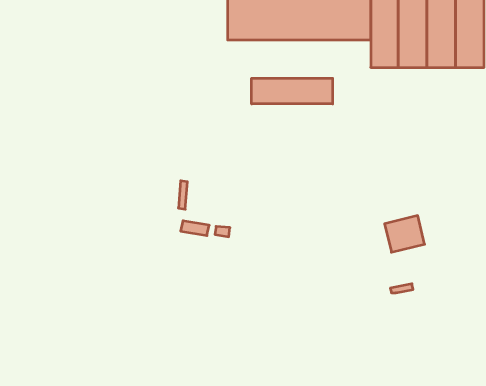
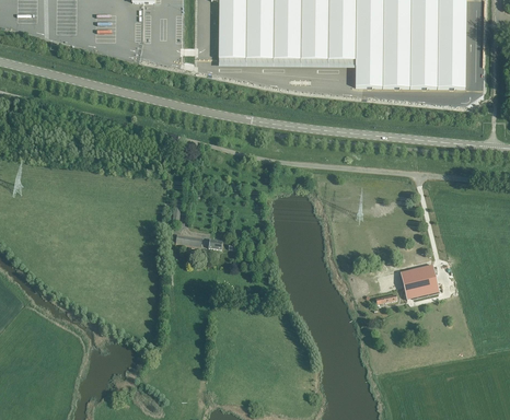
building: [252,78,333,104] -> none
building: [385,216,425,252] -> [399,262,438,298]

